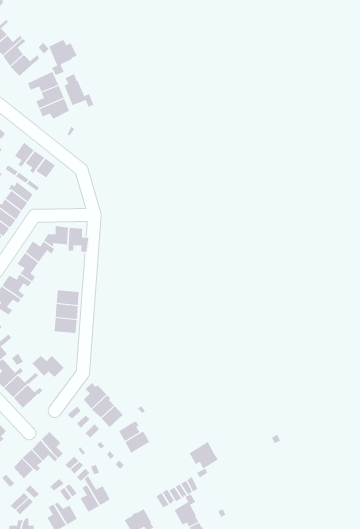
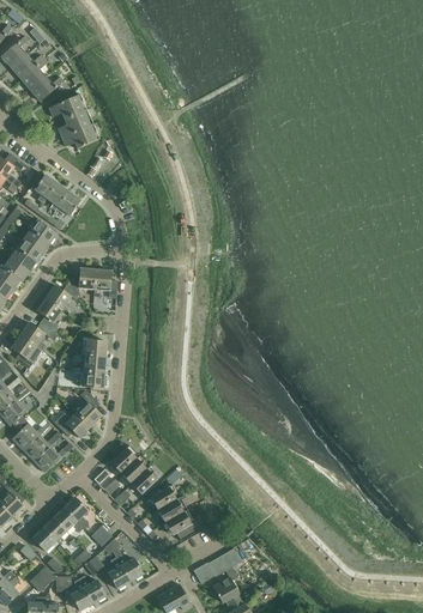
building: [48,39,77,76] -> none
building: [64,73,94,108] -> none
building: none -> [70,390,101,426]
building: [189,441,219,469] -> [164,509,198,540]

